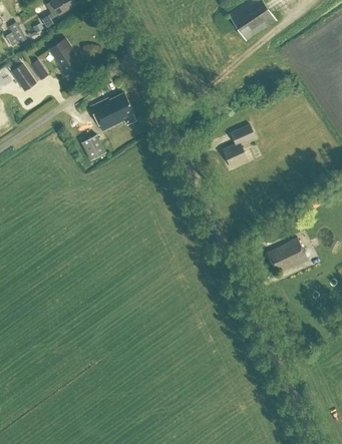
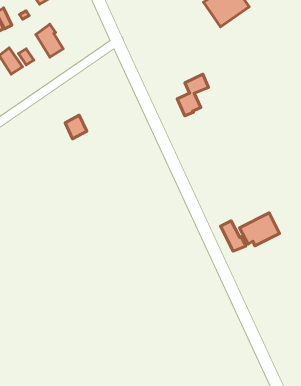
building: [90,92,133,130] -> none
building: [223,124,256,168] -> [177,74,209,116]
building: none -> [220,221,246,251]

